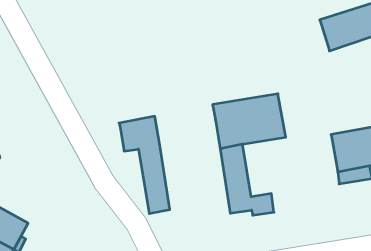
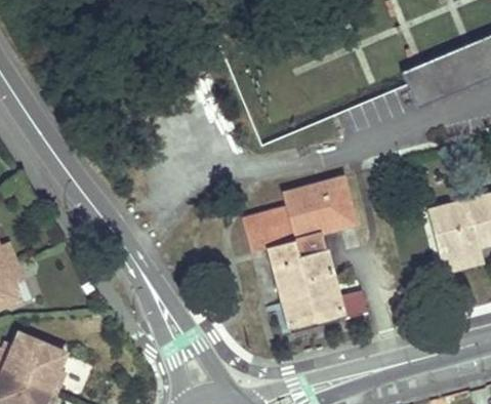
building: [119,116,170,214] -> [241,207,313,327]

